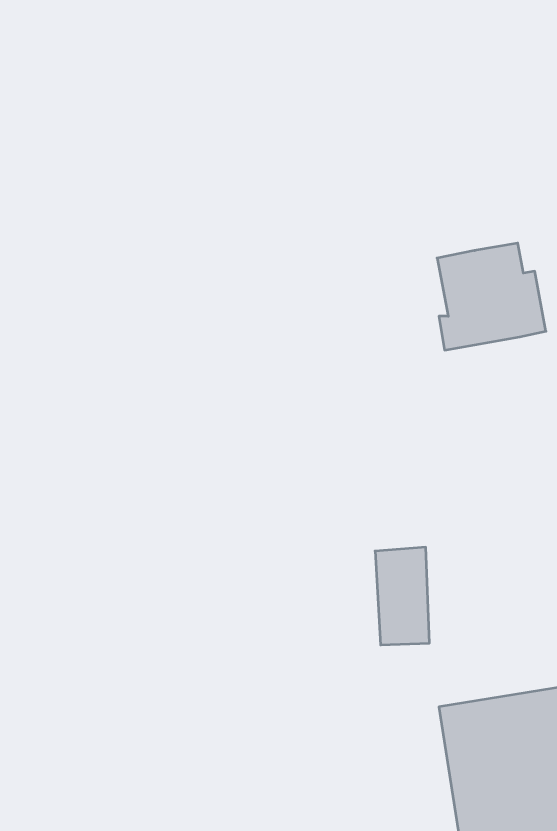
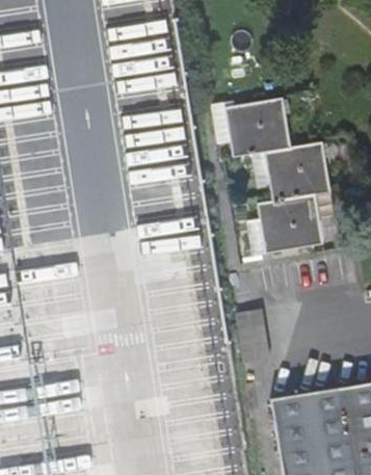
building: none -> [231,98,291,157]
building: none -> [257,194,321,253]

